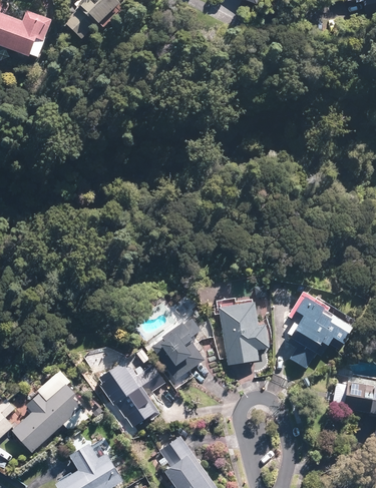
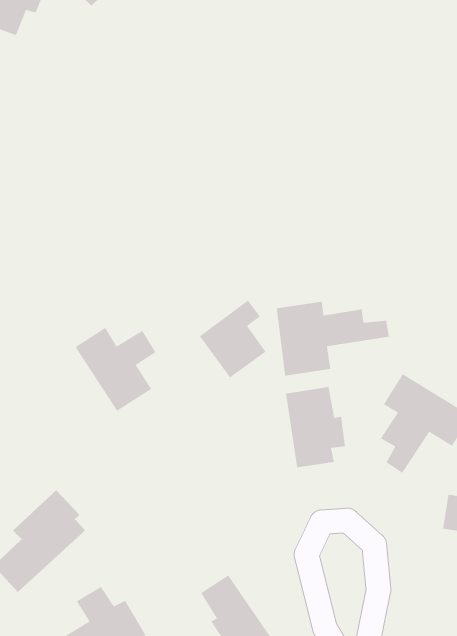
building: none -> [276,301,390,377]
building: [153,320,202,376] -> [199,299,267,379]
building: [102,365,160,425] -> [75,327,157,412]

